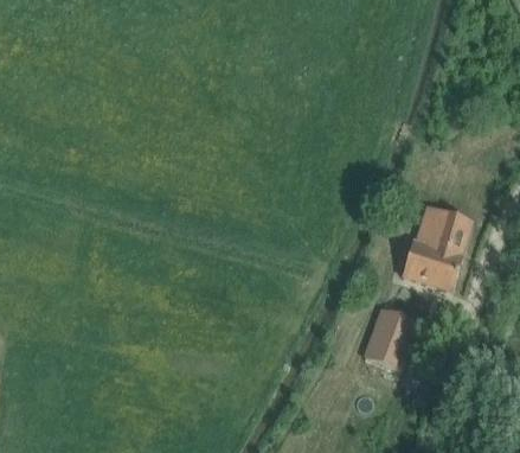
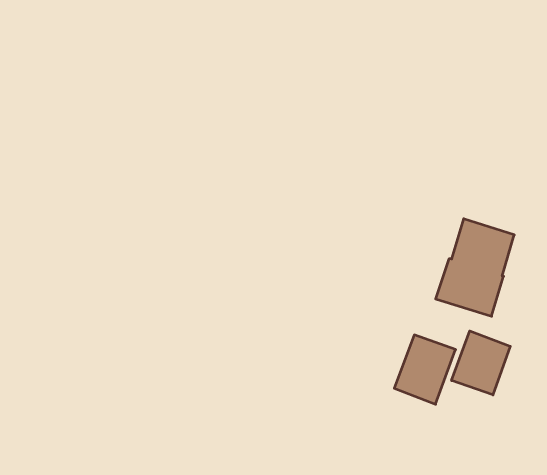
building: none -> [452,331,510,395]

